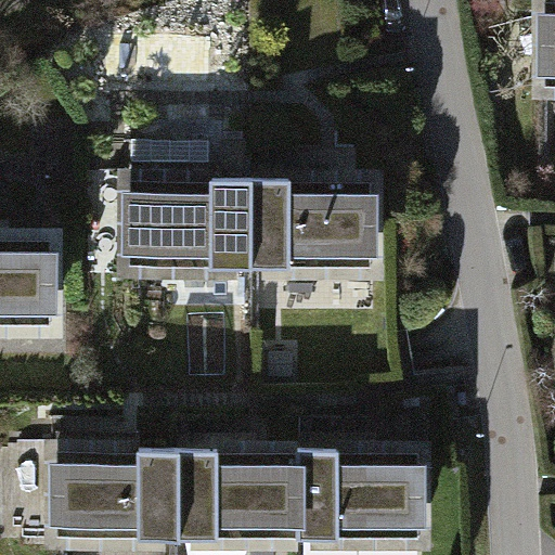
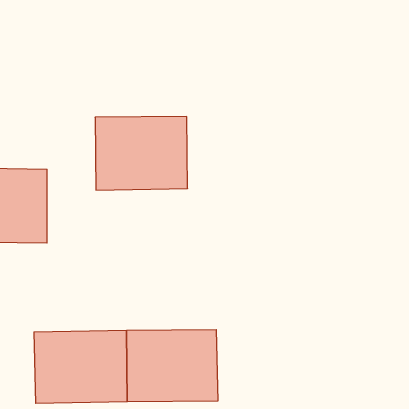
building: [245,169,385,264] -> none
building: [284,448,427,543] -> none

